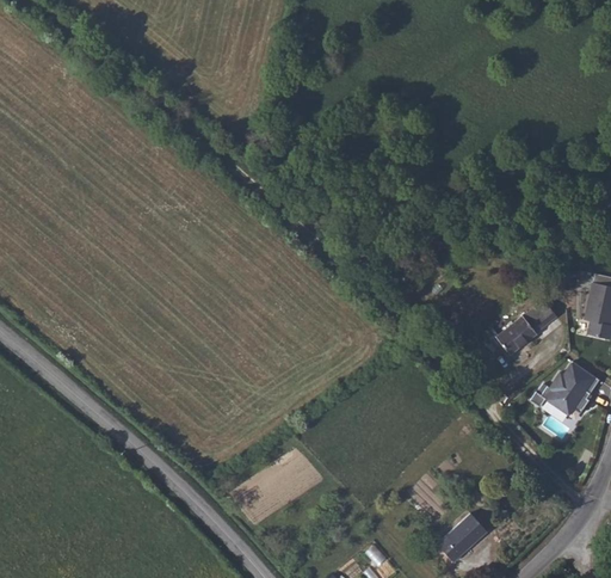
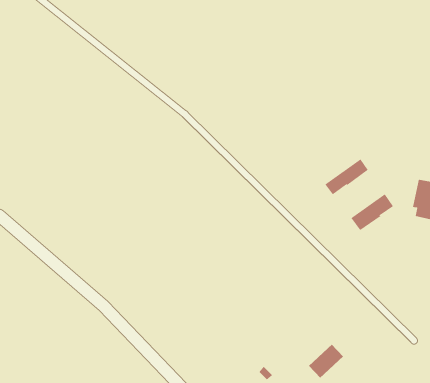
building: none -> [324,159,369,195]
building: [532,362,594,417] -> none

